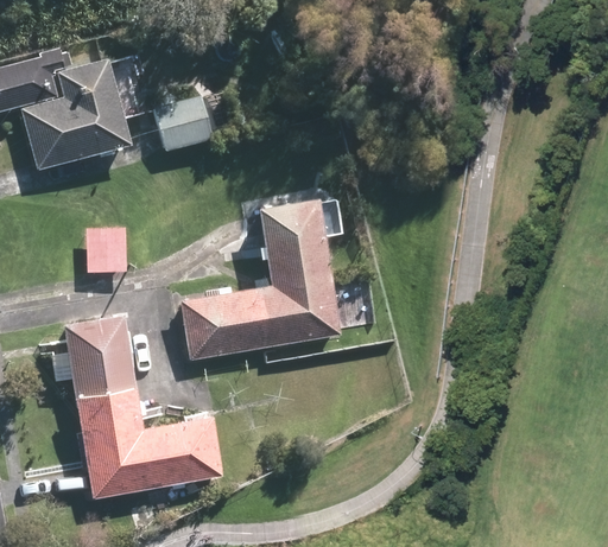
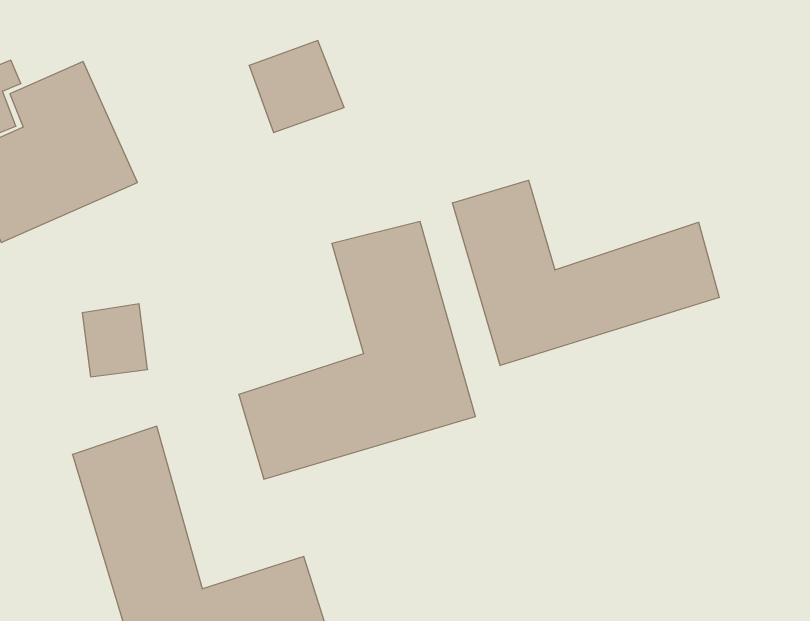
building: [151,93,211,151] -> [249,41,344,133]
building: none -> [452,180,719,366]

